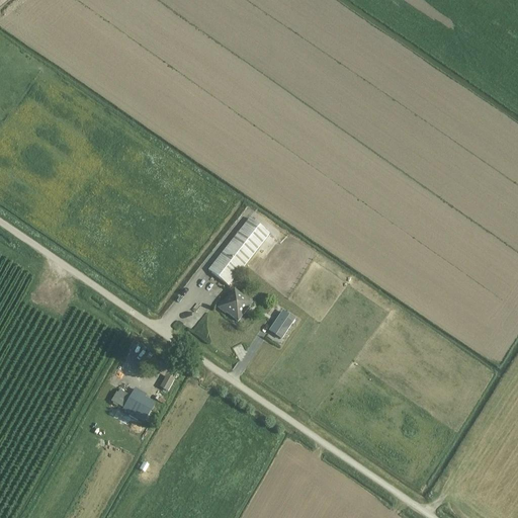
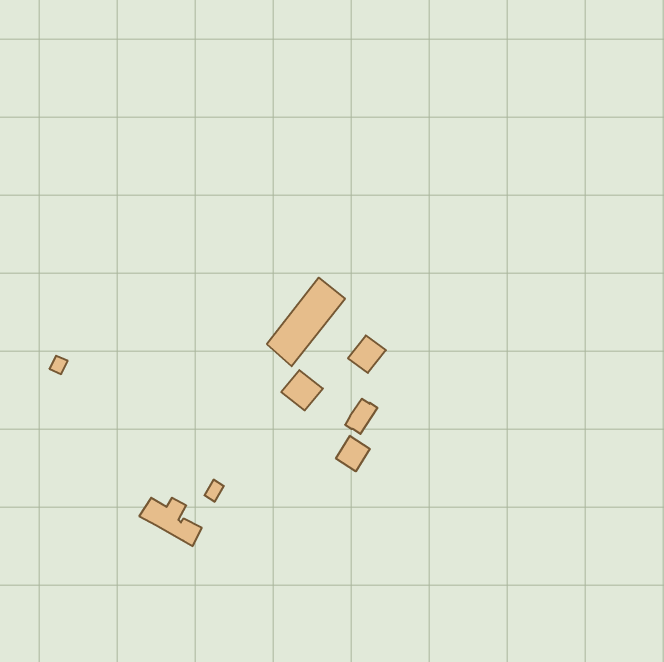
building: none -> [348,335,386,373]
building: none -> [336,436,370,471]

